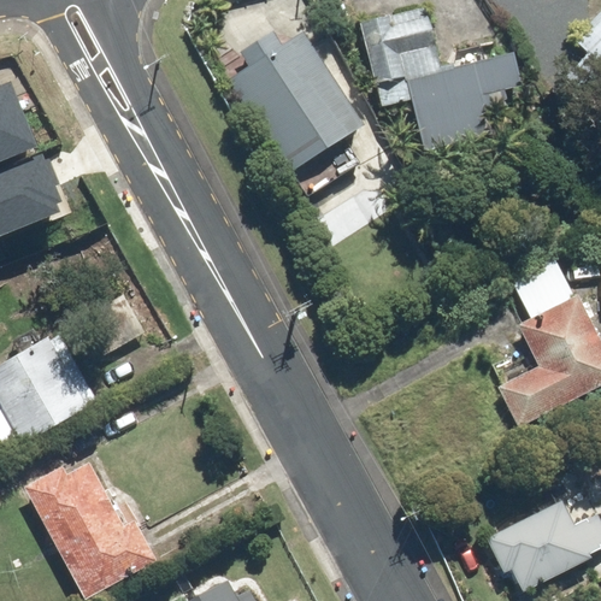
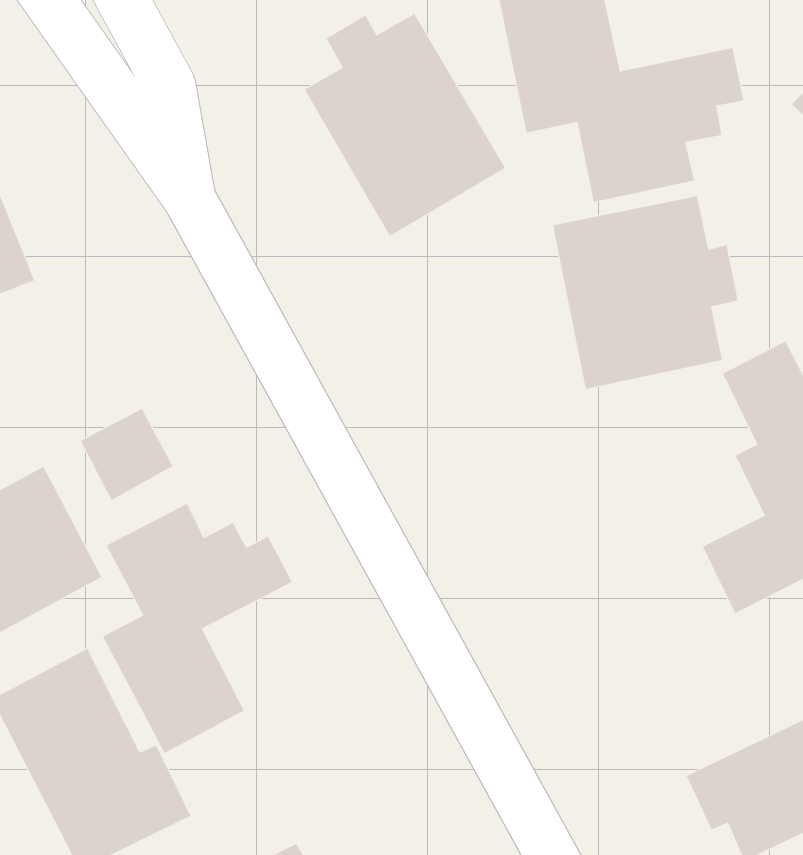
building: none -> [553,196,738,390]
building: none -> [102,503,292,754]

